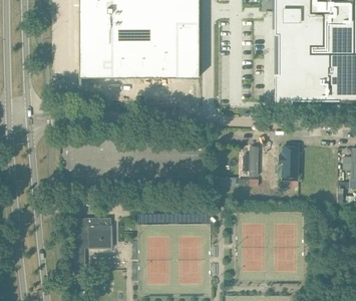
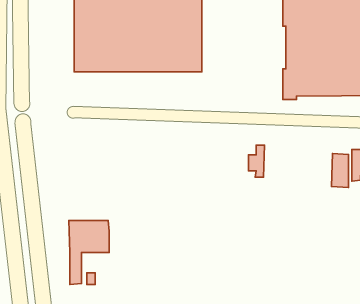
building: [282,145,298,178] -> [332,154,349,188]

